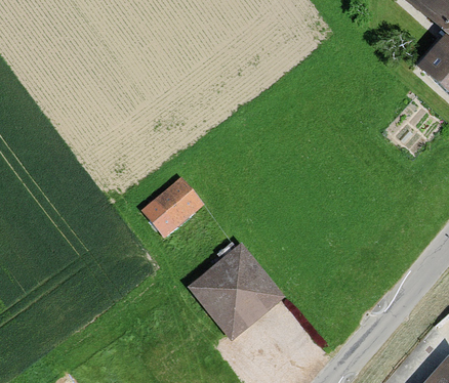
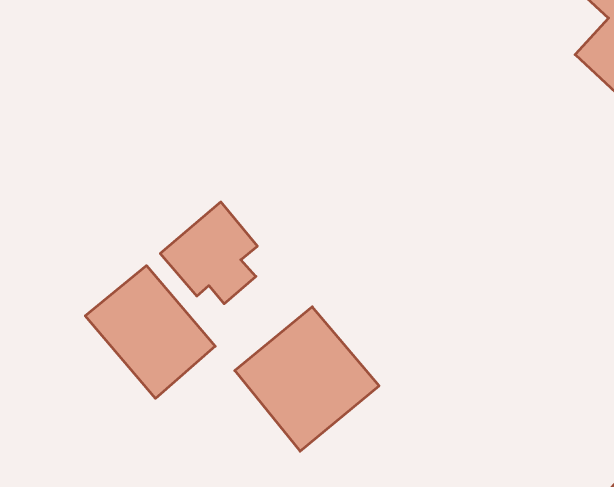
building: none -> [85,266,215,398]

